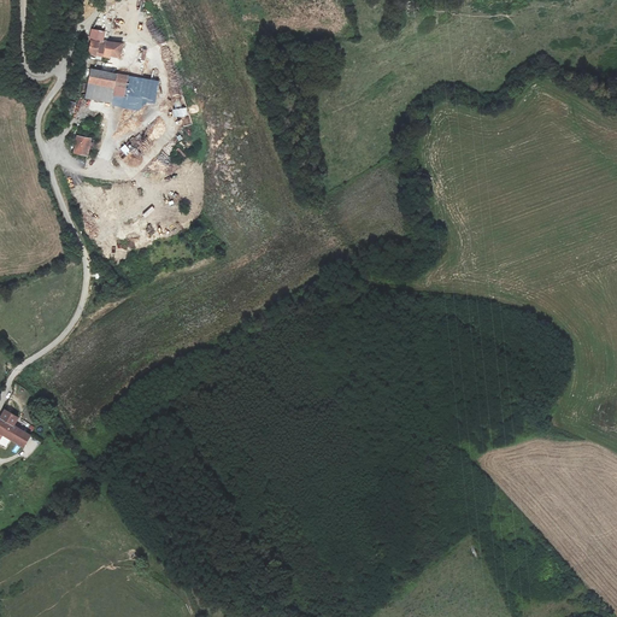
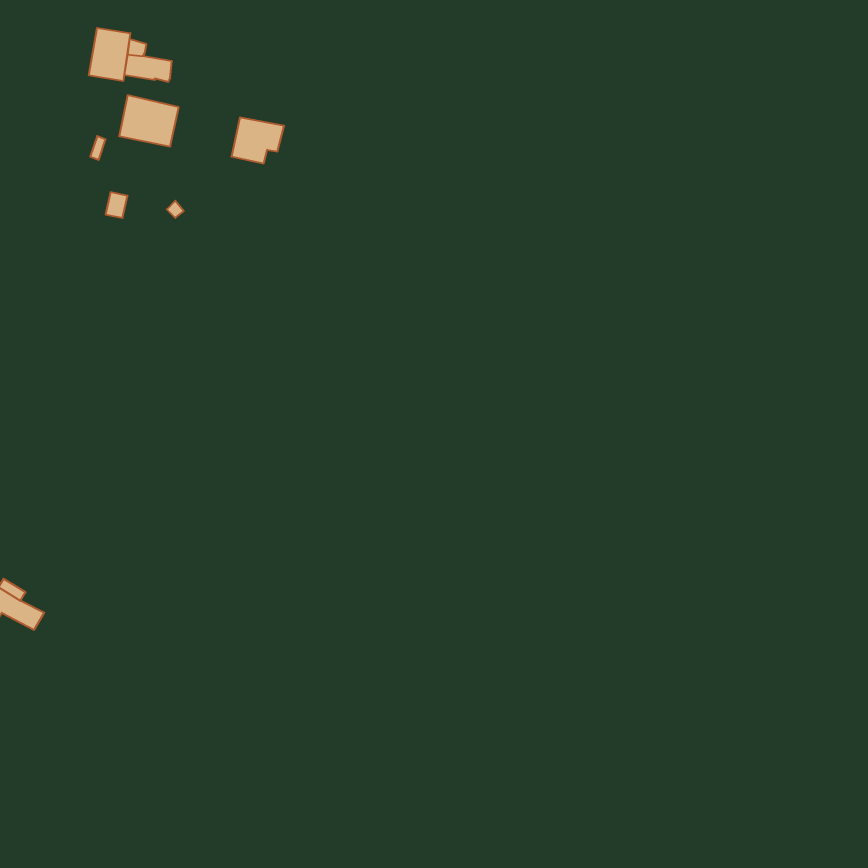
building: none -> [89,28,130,81]
building: [121,76,158,108] -> [231,117,284,163]

